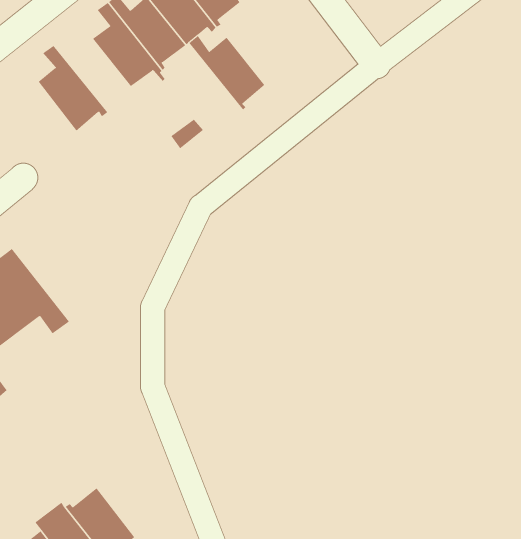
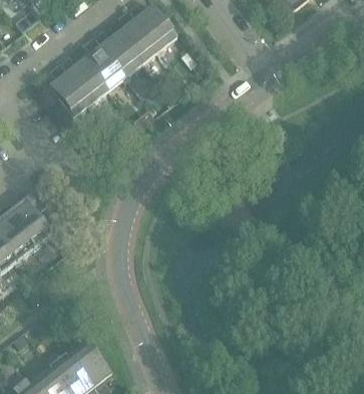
building: [189,35,265,110] -> [59,58,107,106]

